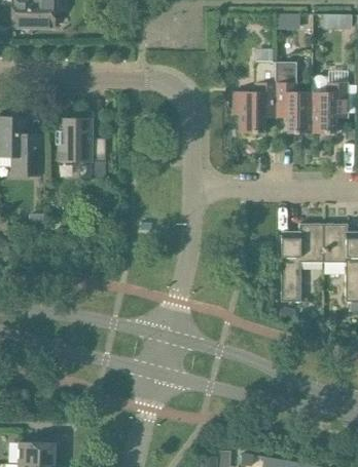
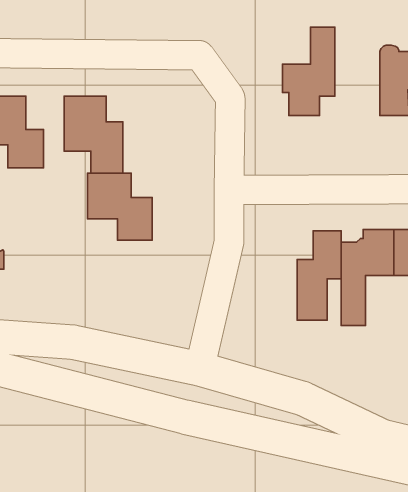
building: [276,62,312,132] -> none
building: none -> [87,173,152,240]
building: none -> [297,231,341,320]

